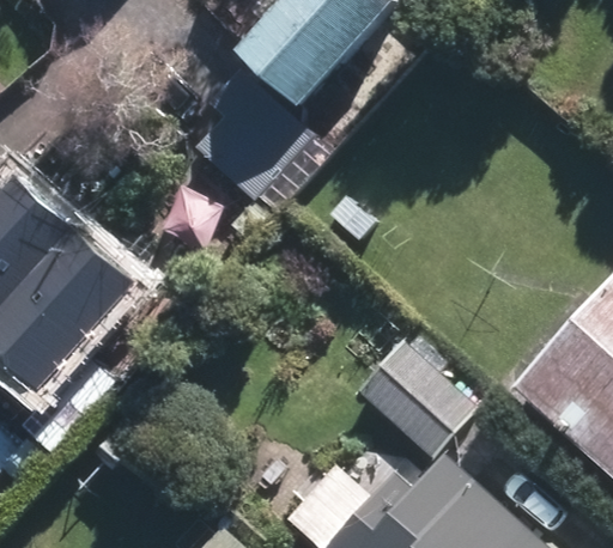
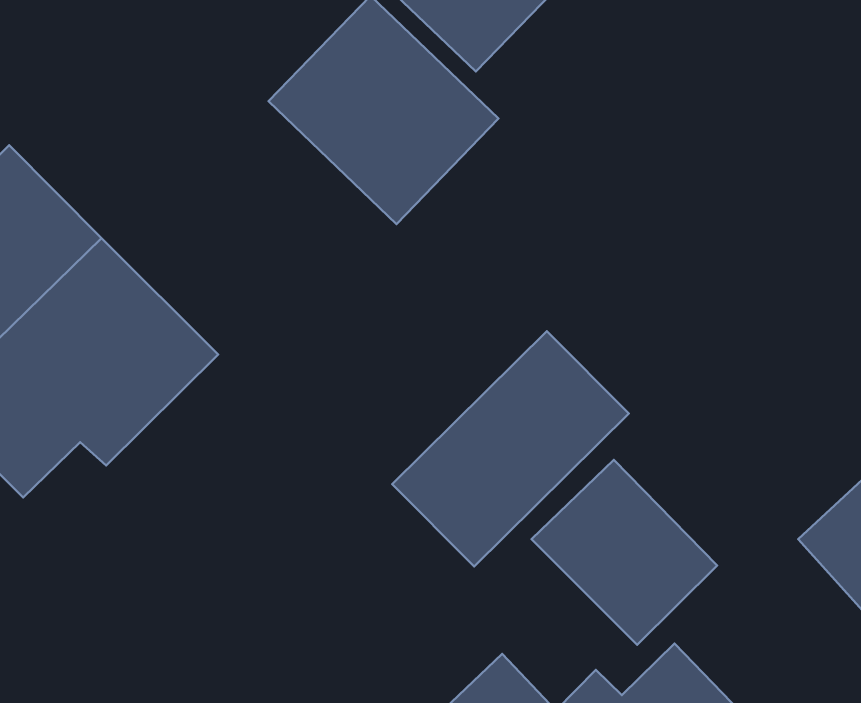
building: none -> [392,331,629,567]

